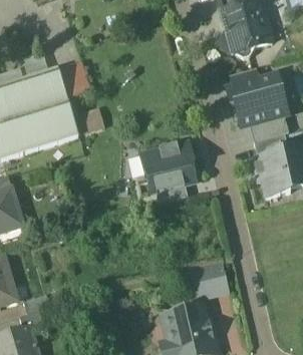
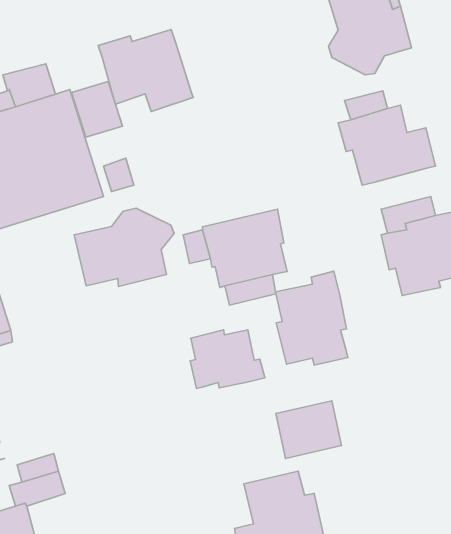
building: none -> [98,29,193,112]
building: [250,116,289,142] -> none
building: none -> [74,208,174,286]
building: none -> [276,271,348,365]
building: none -> [190,330,265,388]

